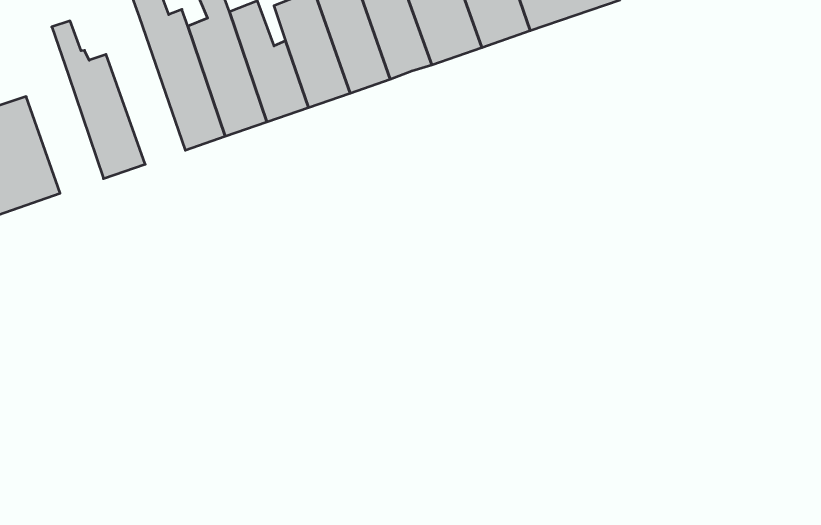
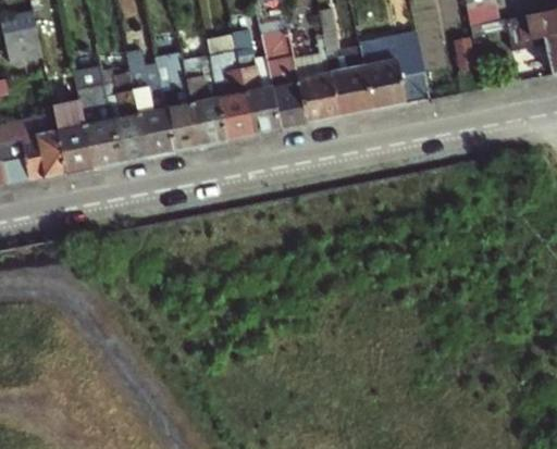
building: none -> [102,68,147,161]
building: none -> [52,99,94,172]

